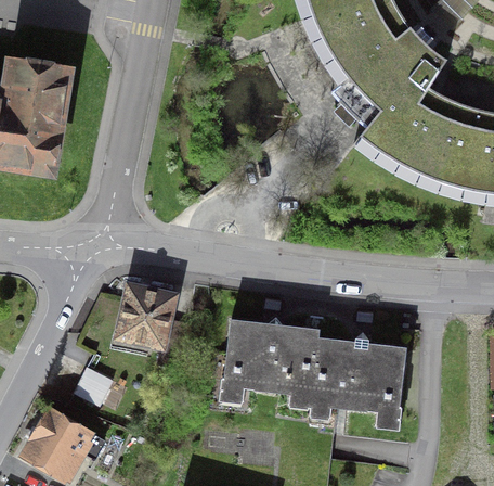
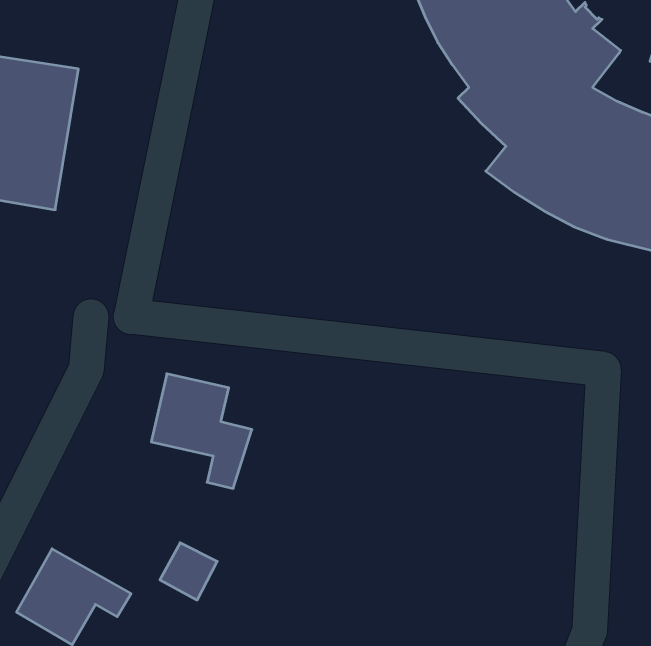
building: [222,319,406,414] -> none
building: [73,367,113,407] -> [160,543,217,600]

